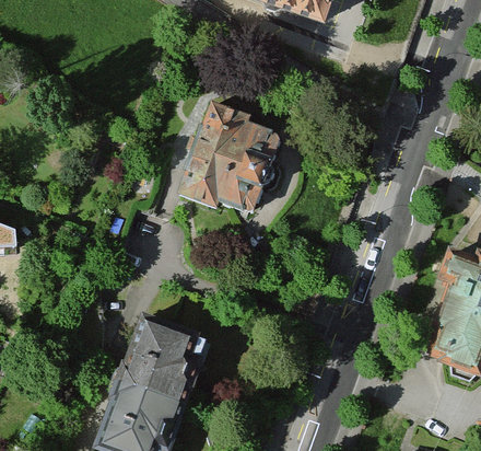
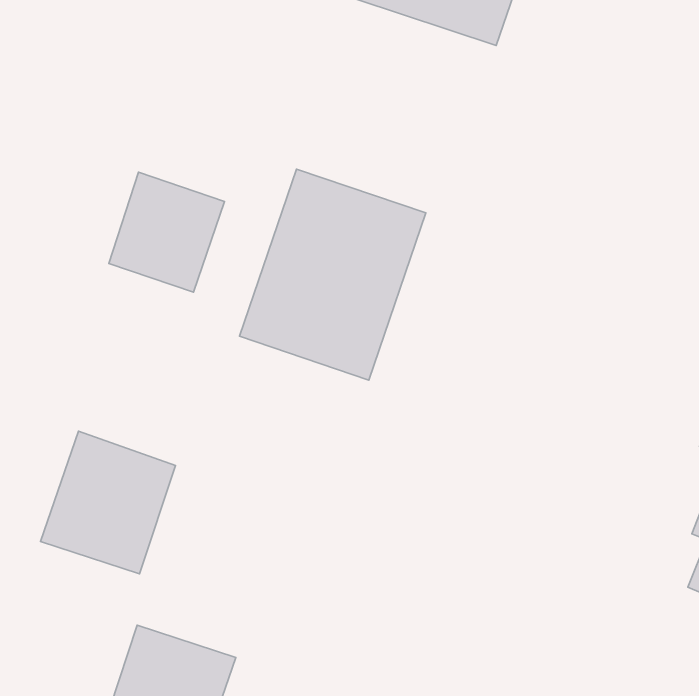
building: none -> [109,172,225,292]
building: [118,302,196,384] -> [41,431,176,574]

